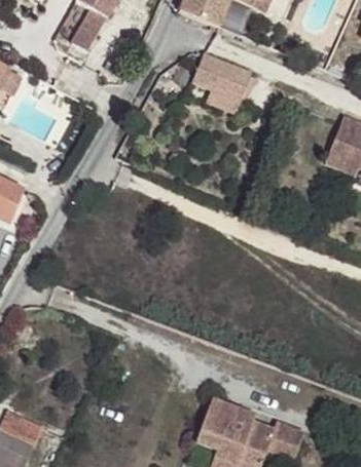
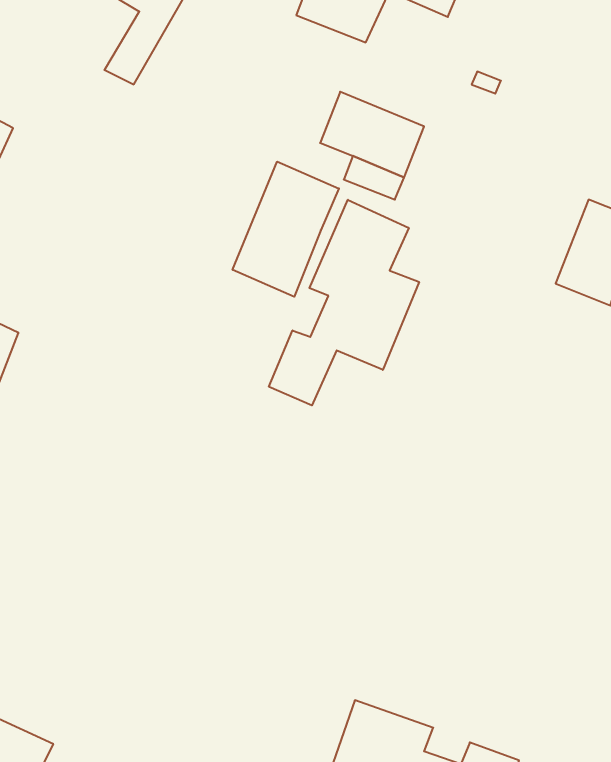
building: none -> [233,162,339,297]
building: none -> [269,200,419,405]

